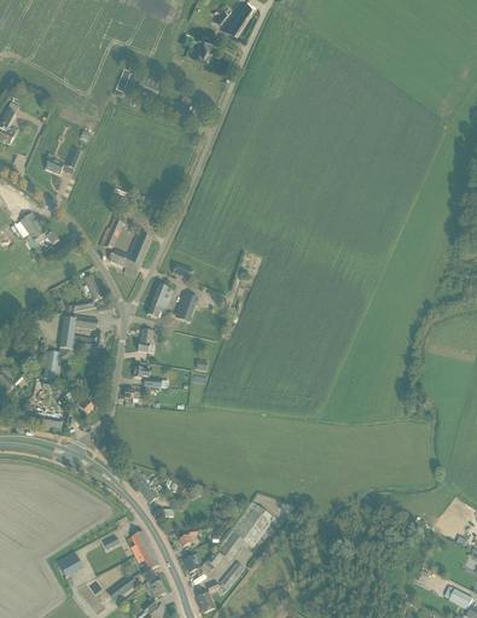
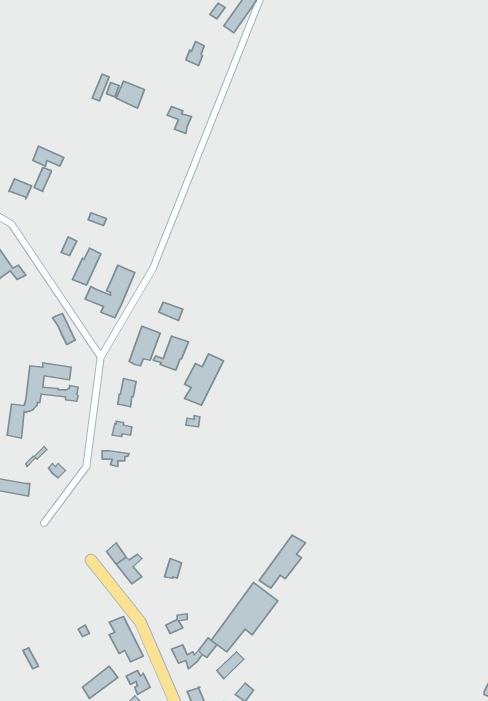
building: none -> [184,354,224,405]
building: none -> [259,535,305,588]

